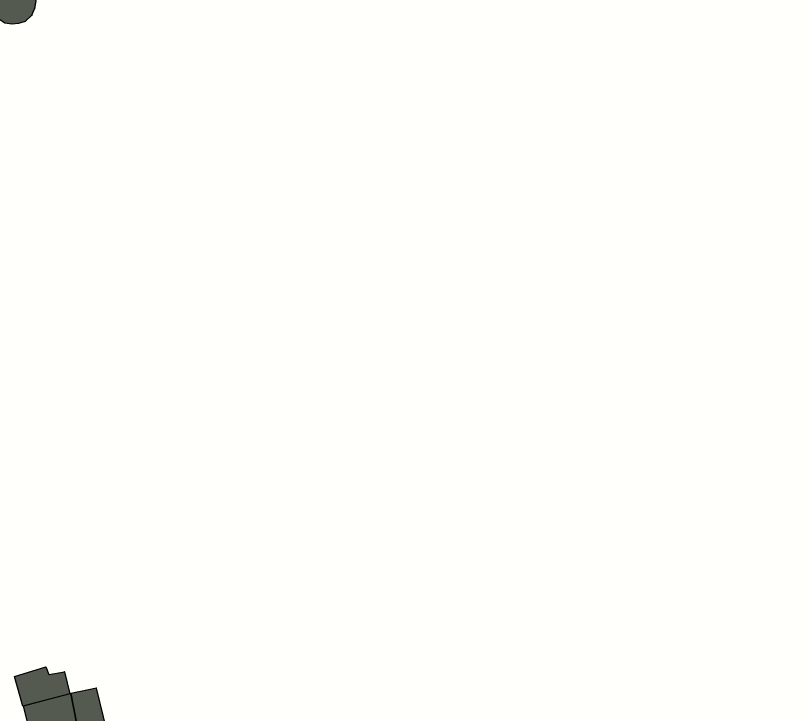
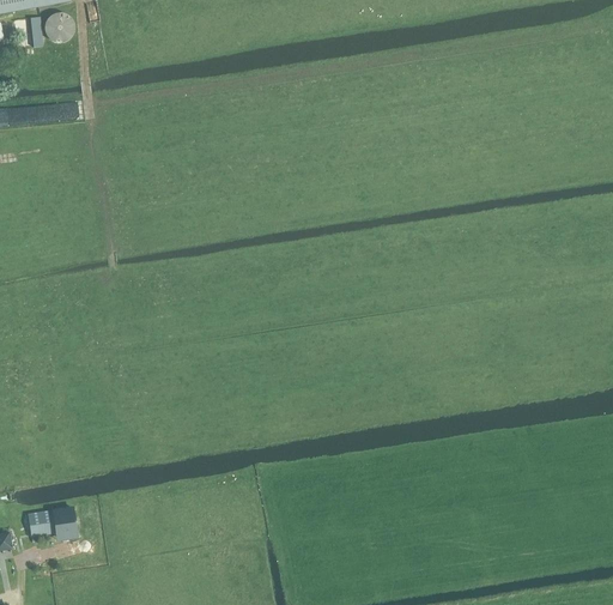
building: [14,667,70,706] -> none

